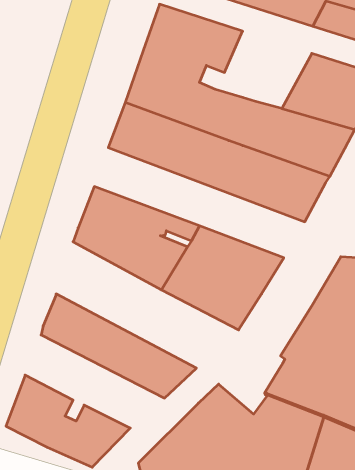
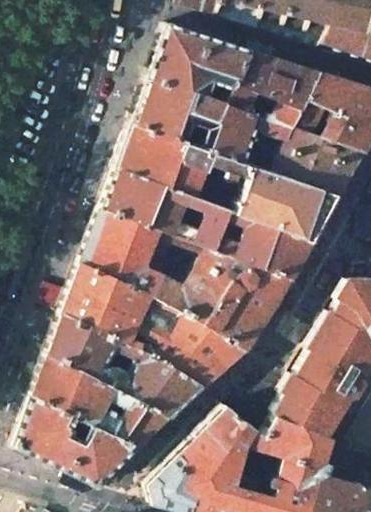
building: none -> [226,49,322,126]
building: none -> [105,165,315,275]
building: none -> [67,259,249,385]
building: none -> [36,352,175,447]

